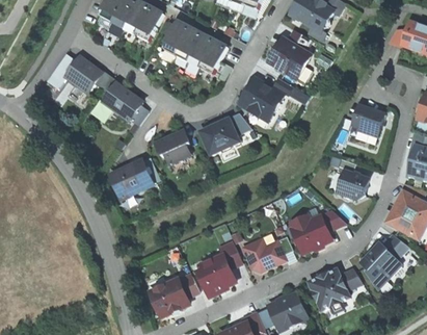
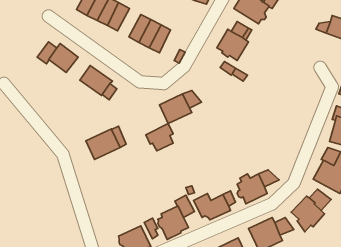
building: [199,40,226,74] -> none
building: [240,79,282,119] -> none
building: [352,105,384,133] -> none
building: [156,130,189,163] -> [146,124,173,151]
building: [338,171,368,199] -> none

